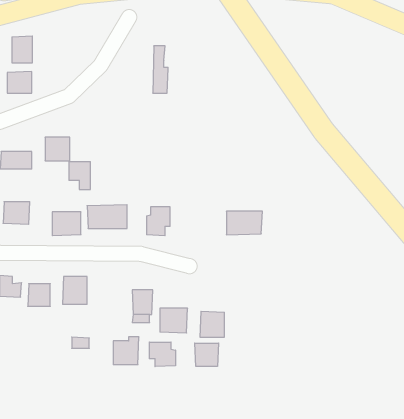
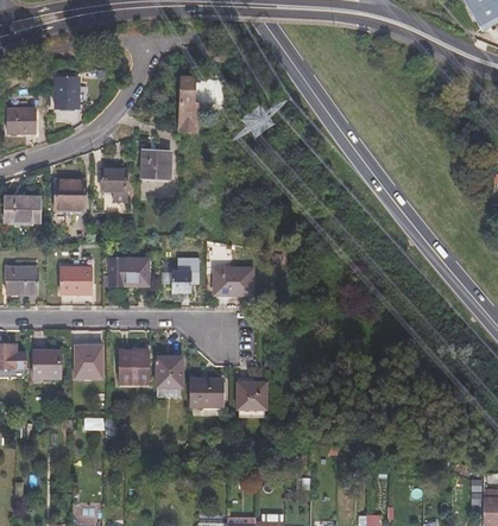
building: [12,36,32,63] -> [58,76,82,107]
building: none -> [141,148,170,176]
building: [69,162,90,189] -> [101,171,126,203]
building: [226,211,262,235] -> [213,268,254,296]
building: [113,337,139,365] -> [120,350,150,382]
building: [149,342,175,367] -> none
building: [195,343,219,366] -> none

